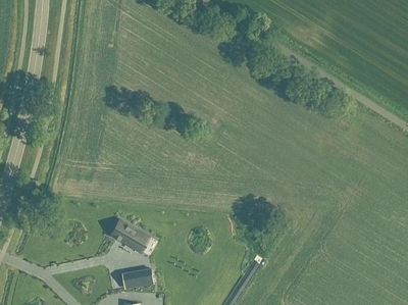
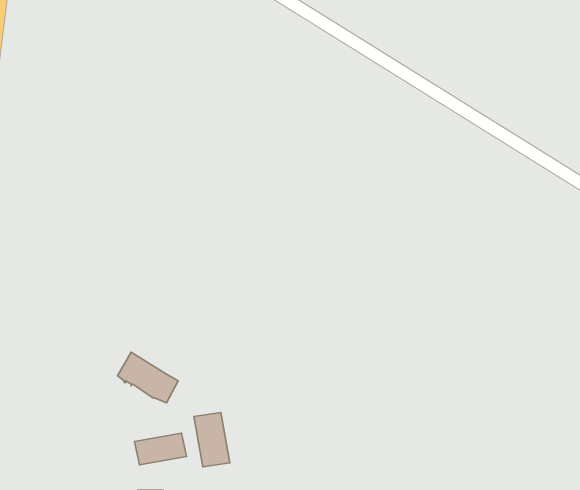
building: none -> [194,412,230,467]

